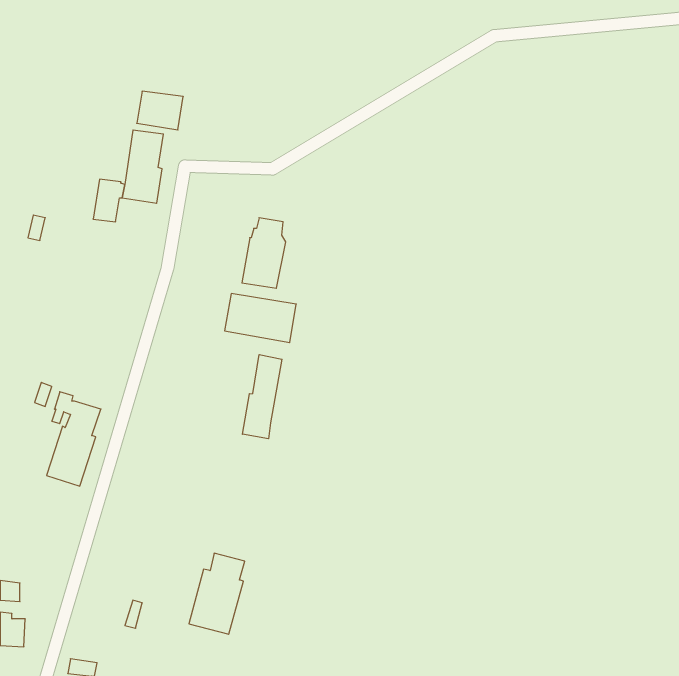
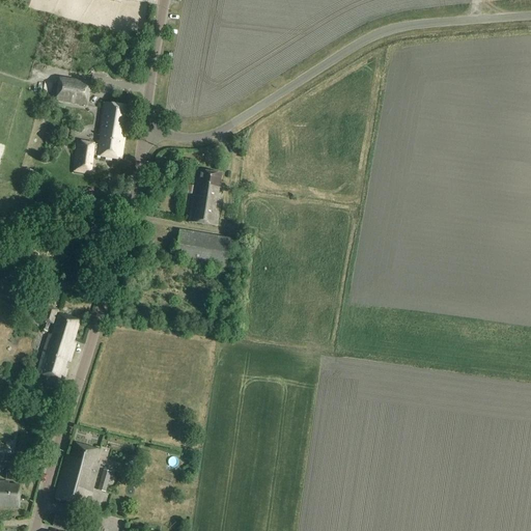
building: [137,91,183,130] -> [56,76,92,106]
building: [242,355,282,439] -> none
building: [189,553,245,634] -> [55,442,99,505]

